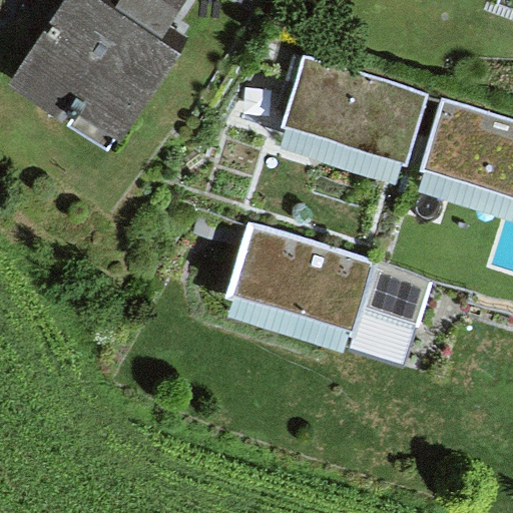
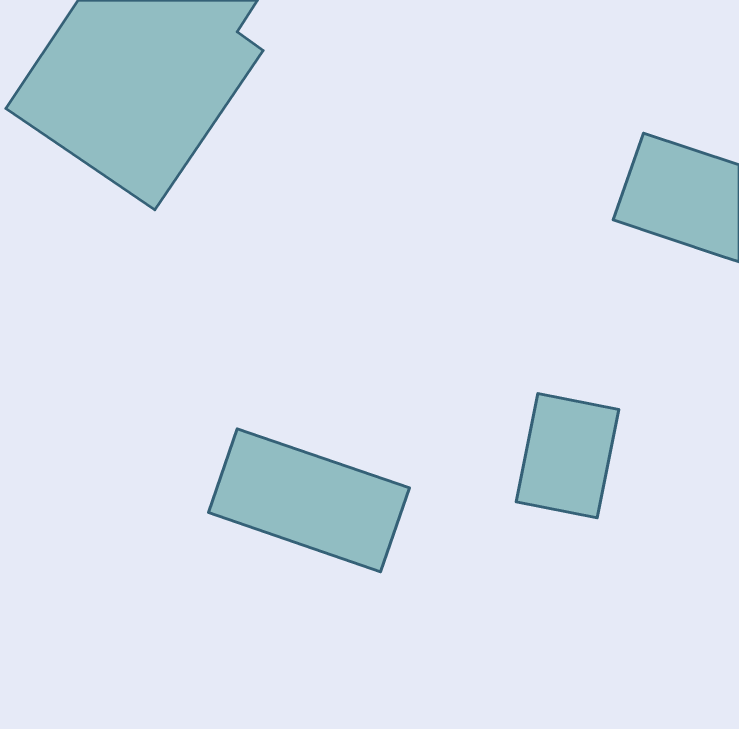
building: [286,60,427,158] -> none
building: [233,223,373,323] -> [208,429,409,572]

